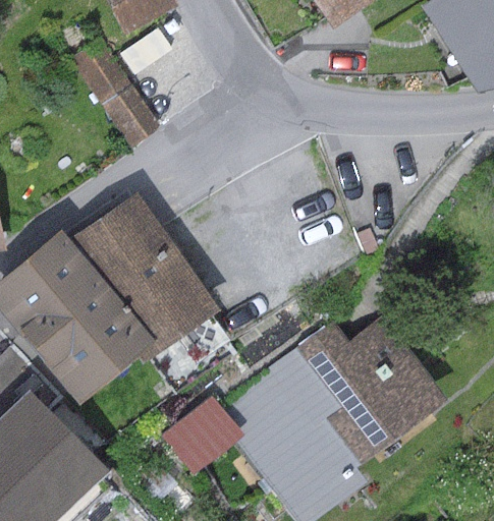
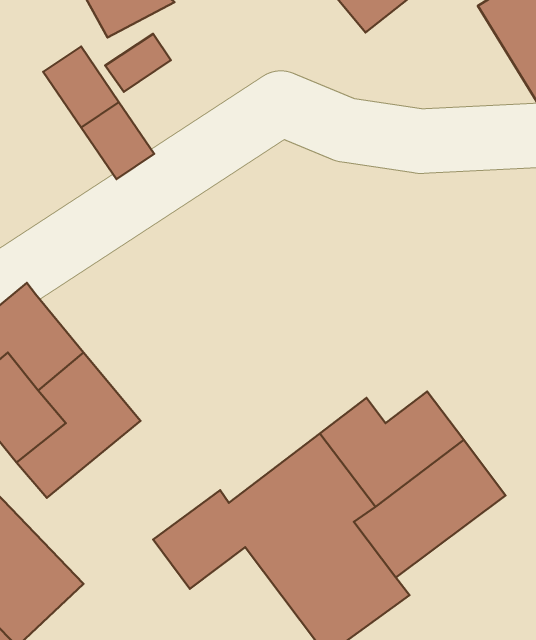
building: [67,192,217,359] -> none

